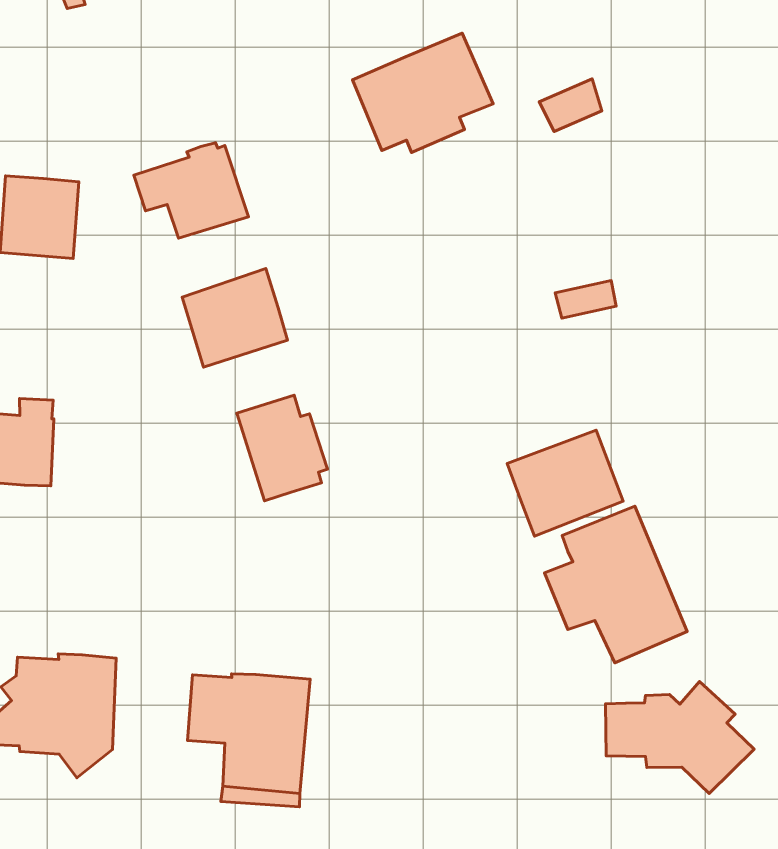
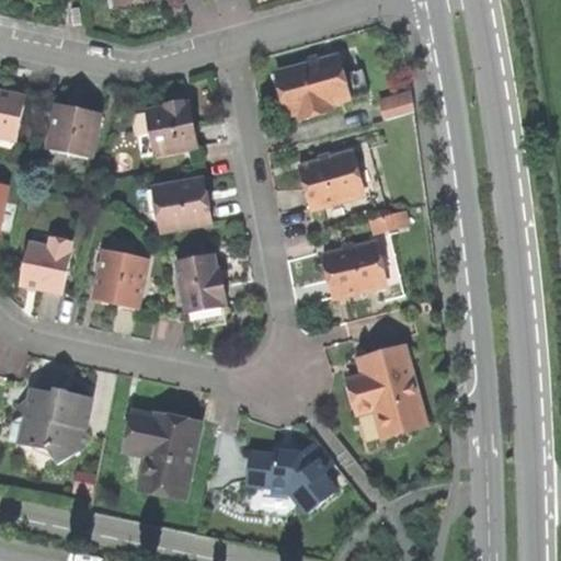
building: none -> [298,150,365,208]
building: none -> [92,248,146,307]
building: [507,430,623,536] -> [321,240,387,298]
building: [606,681,754,793] -> [248,445,335,512]

